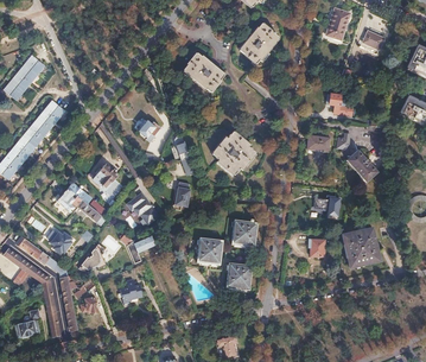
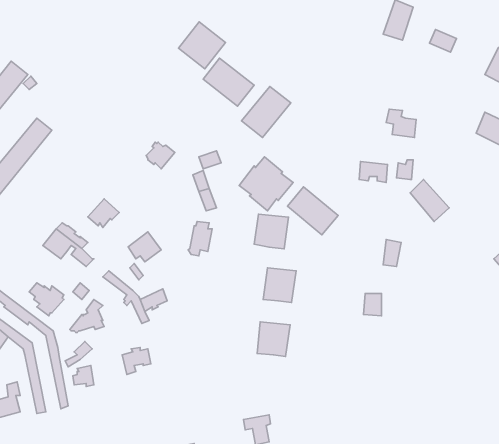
building: [240,23,279,63] -> [241,86,291,137]
building: none -> [178,22,226,69]
building: none -> [287,187,338,235]
building: [343,227,381,267] -> none
building: [197,236,224,263] -> [254,214,289,249]

